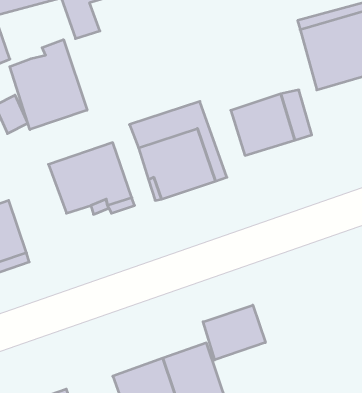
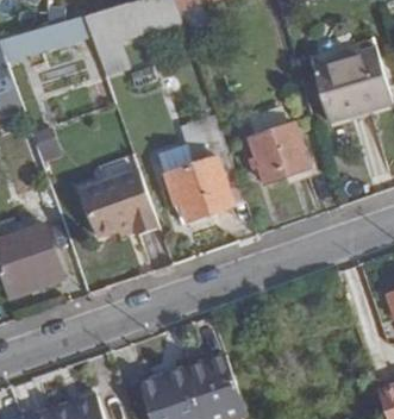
building: [10,40,87,130] -> none
building: [203,305,265,360] -> none

